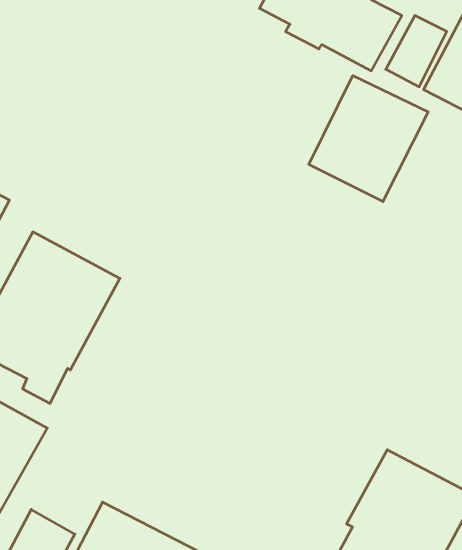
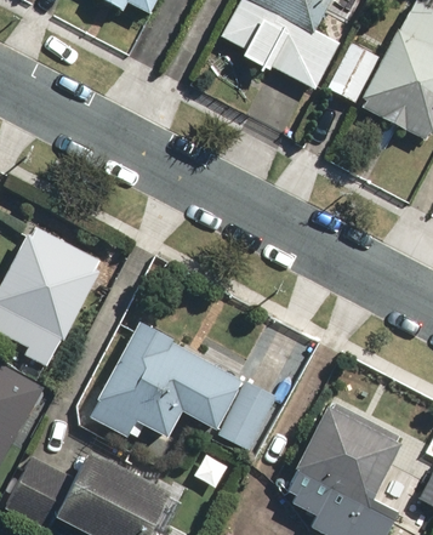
building: [309,76,428,202] -> none
building: none -> [87,321,275,449]

